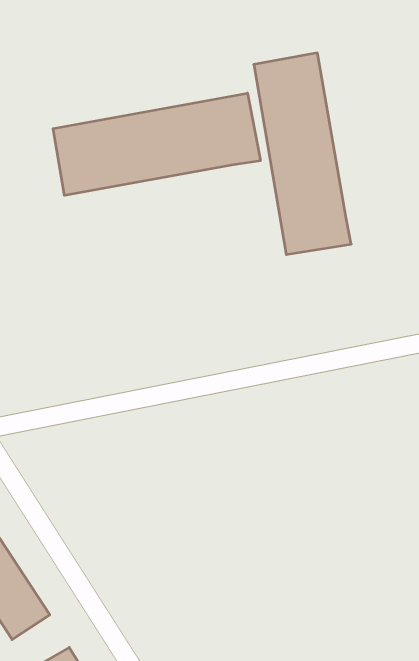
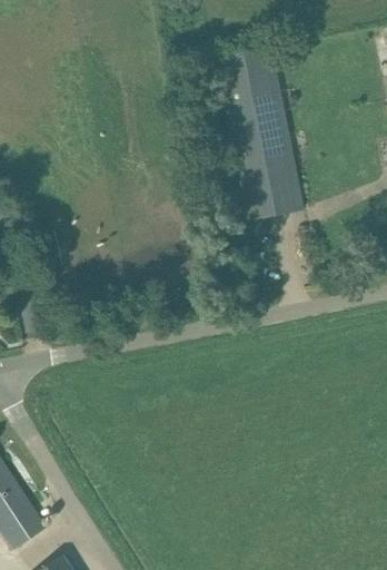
building: [53,93,260,195] -> none

